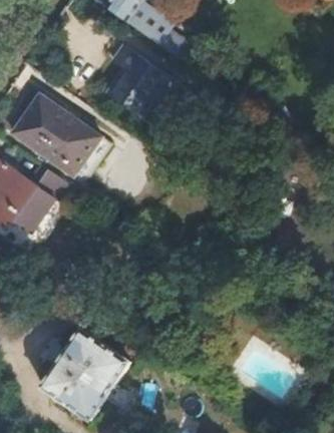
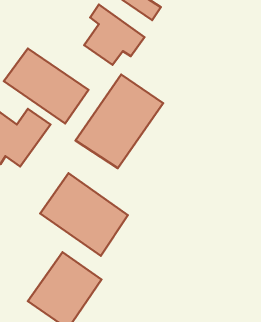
building: none -> [76,75,163,168]
building: none -> [40,173,128,256]

